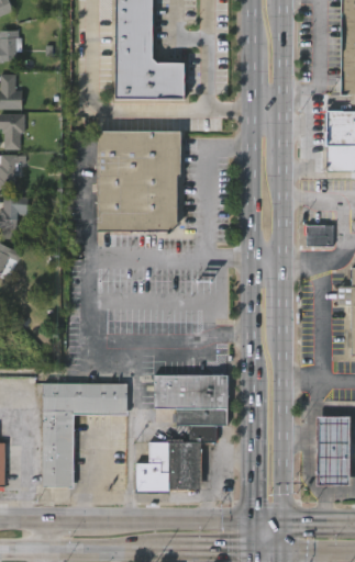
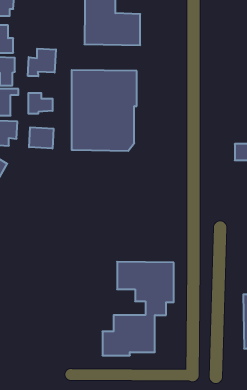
building: none -> [28,49,56,76]
building: none -> [28,93,53,114]
building: none -> [29,127,54,149]
building: [44,383,126,487] -> none

